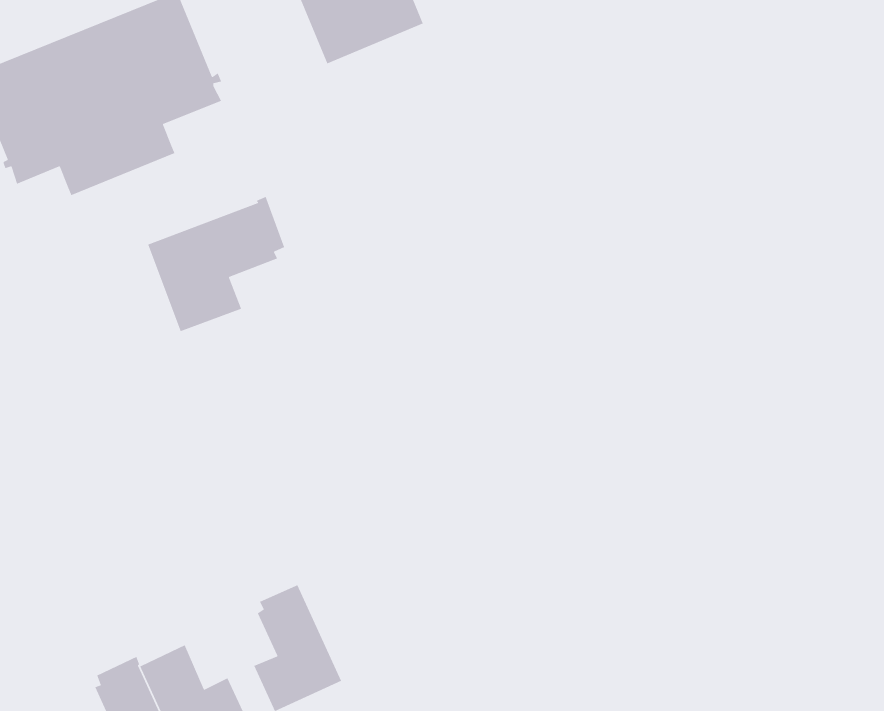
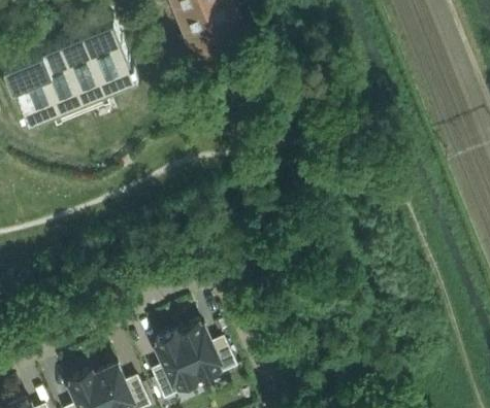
building: [147,196,285,332] -> none
building: none -> [176,318,236,380]

